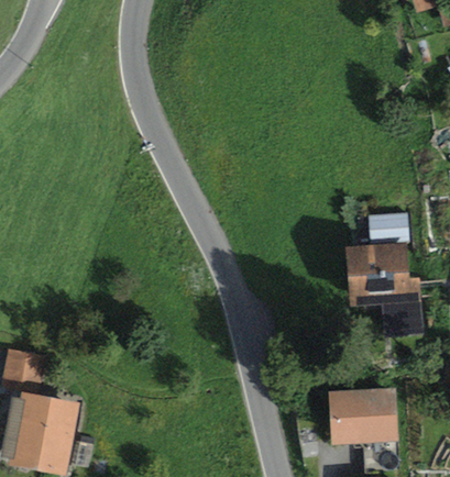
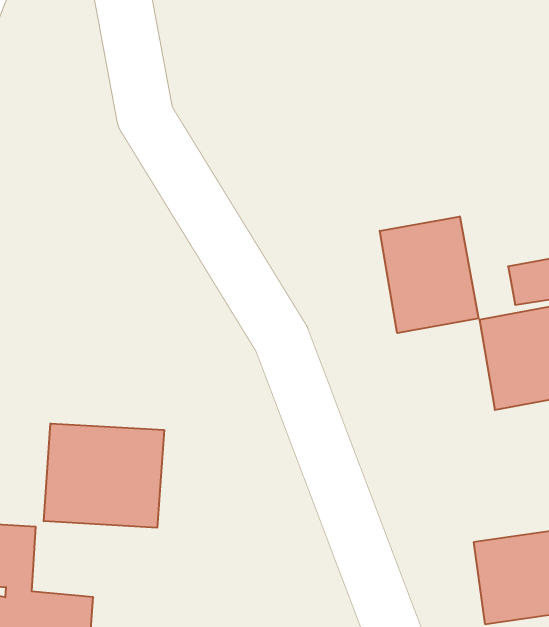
building: none -> [380,216,479,333]
building: none -> [44,423,164,528]

